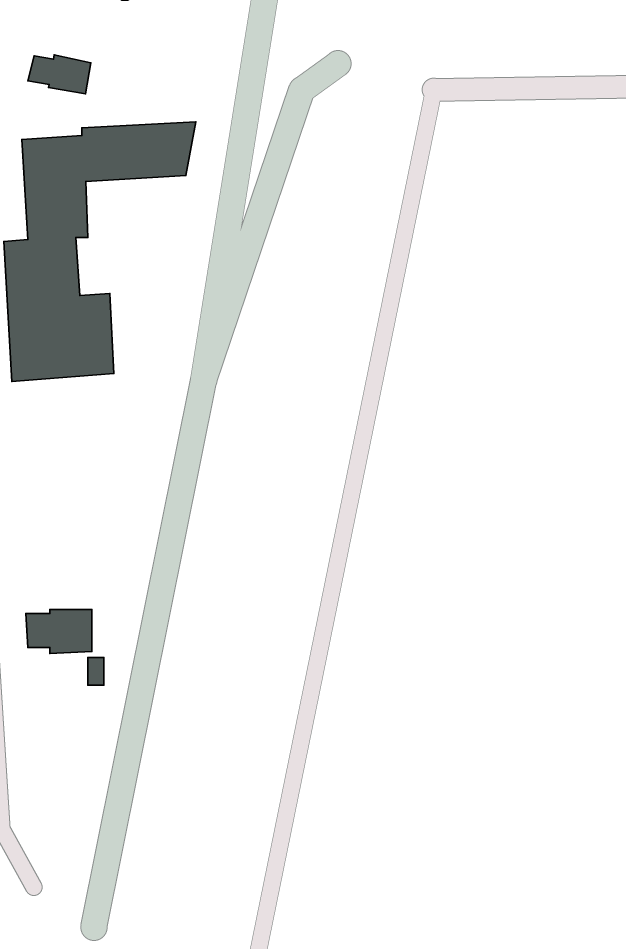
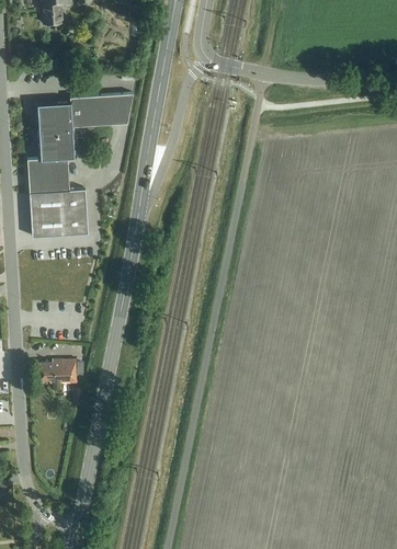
building: [28,55,91,94] -> none

